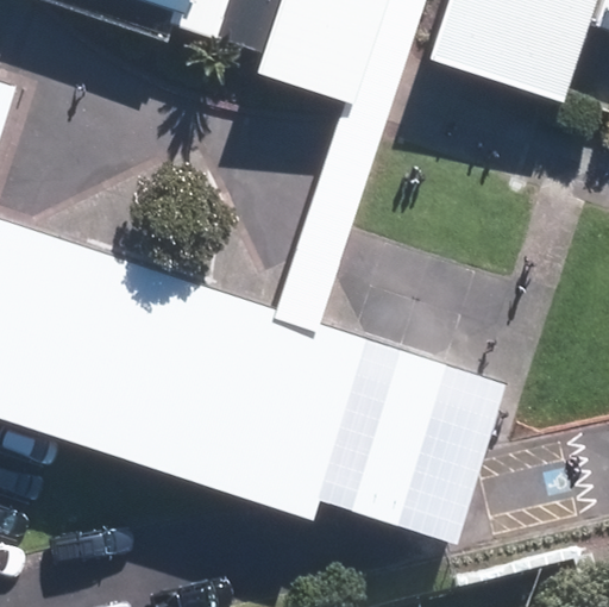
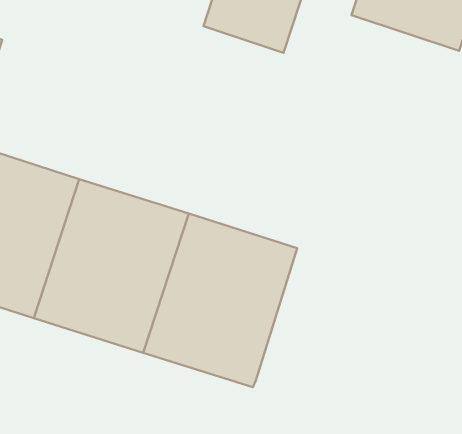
building: [320,340,502,542] -> none

